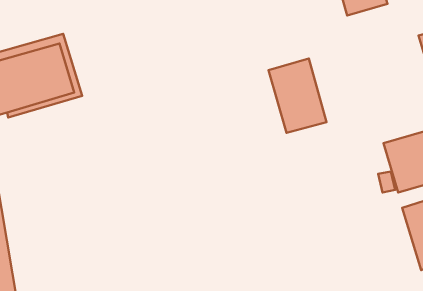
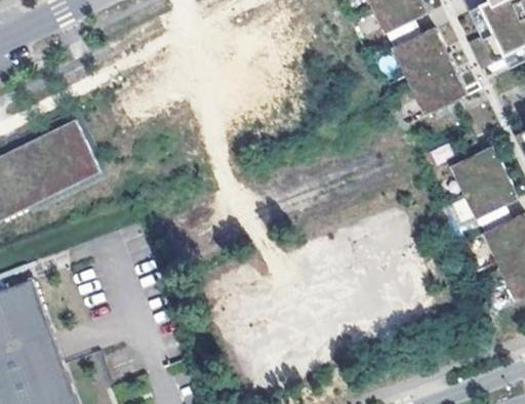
building: [269,59,327,133] -> [392,28,466,114]

